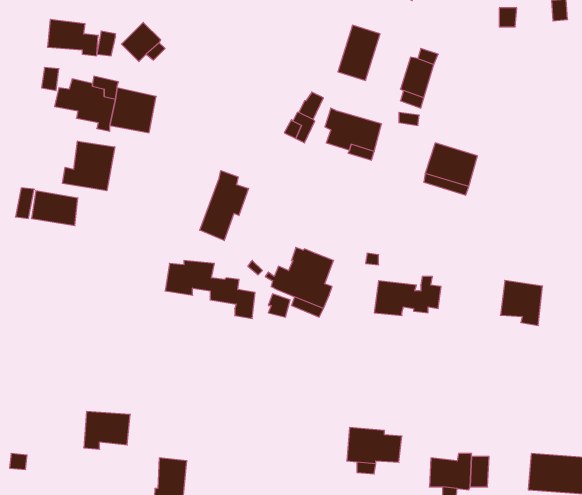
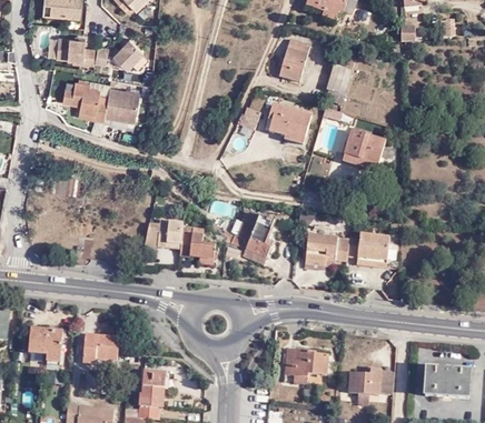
building: [63,141,115,191] -> none
building: [200,171,249,241] -> none
building: [500,280,543,325] -> [357,234,389,269]
building: none -> [30,328,63,361]

